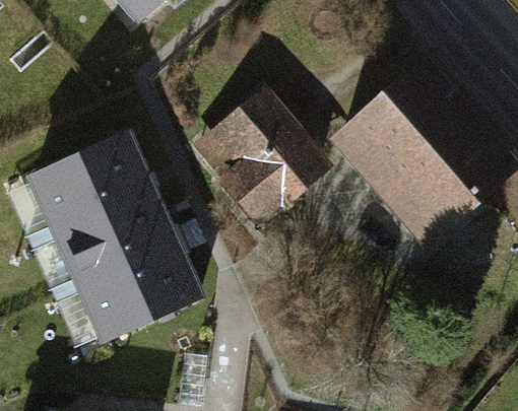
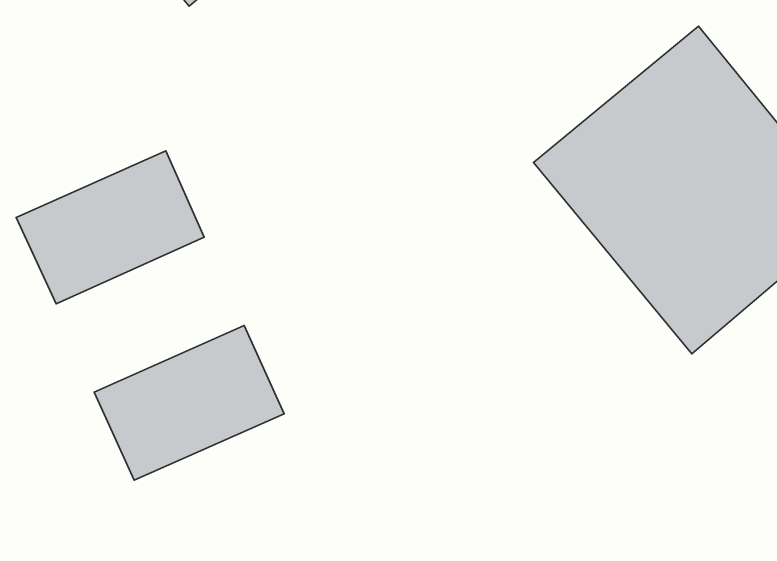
building: [221,86,332,223] -> none
building: [48,182,163,276] -> none

